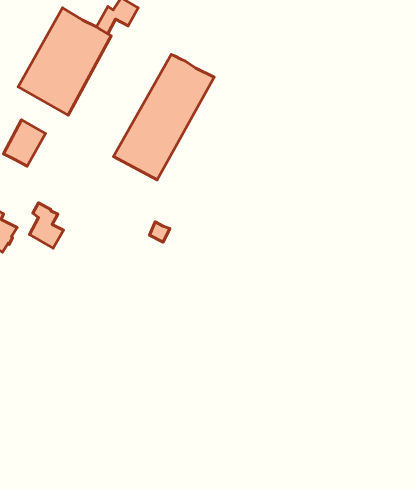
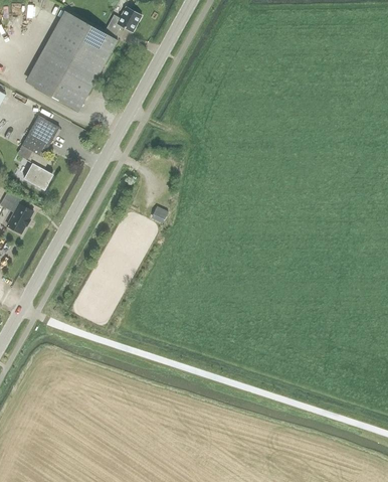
building: [114,55,214,180] -> none
building: [29,203,63,248] -> [22,150,52,190]

